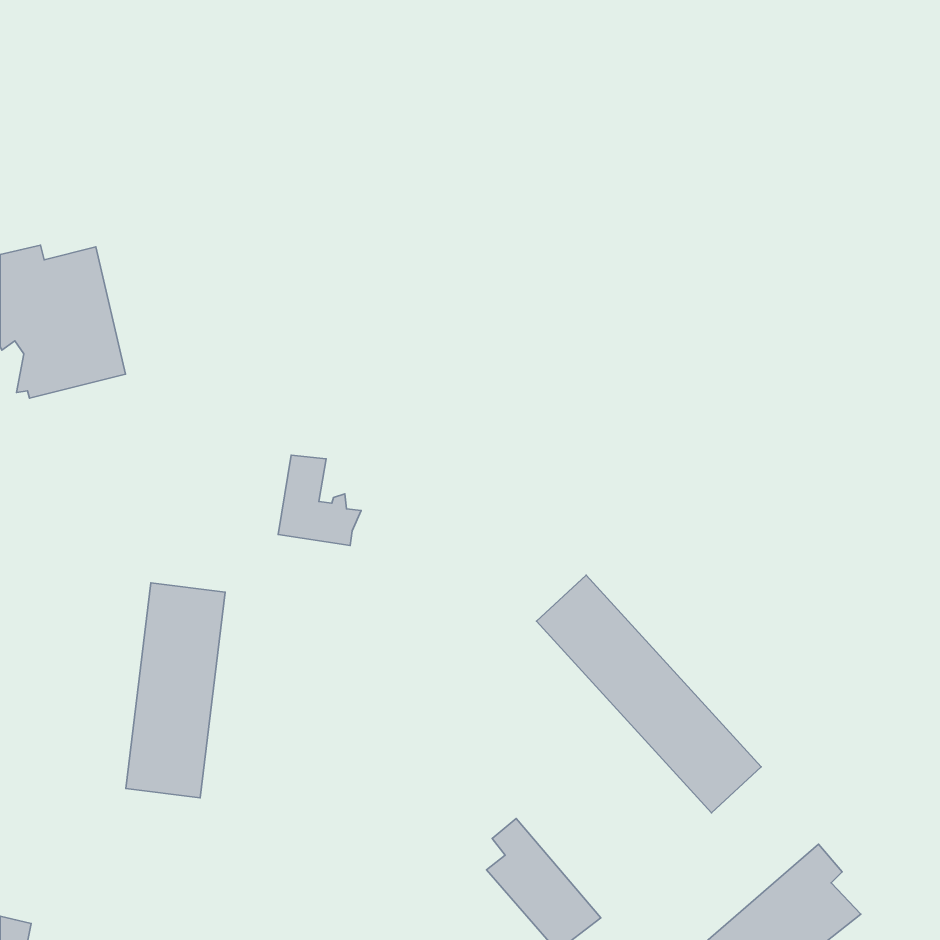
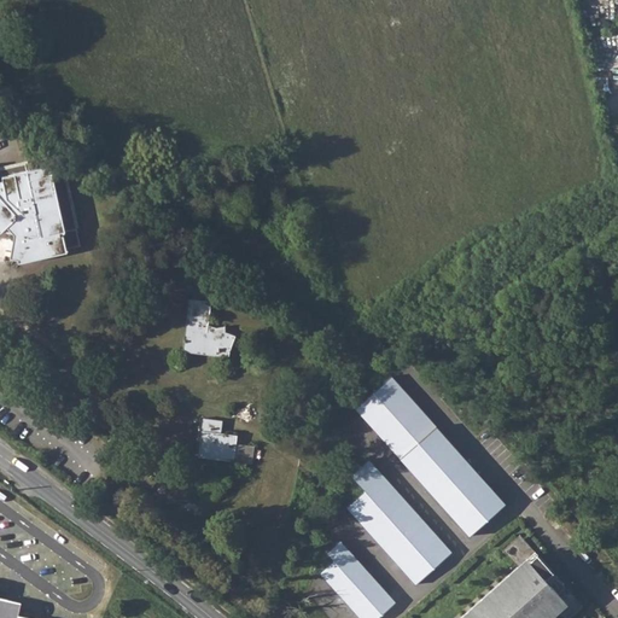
building: [126,583,225,798] -> none
building: none -> [200,419,256,465]
building: none -> [344,459,449,583]

